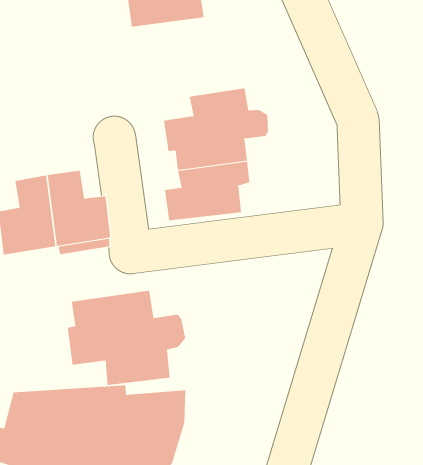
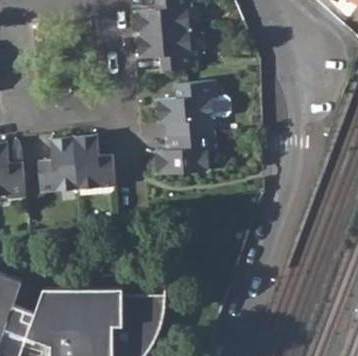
building: none -> [137,31,196,72]
building: [67,290,186,386] -> none

